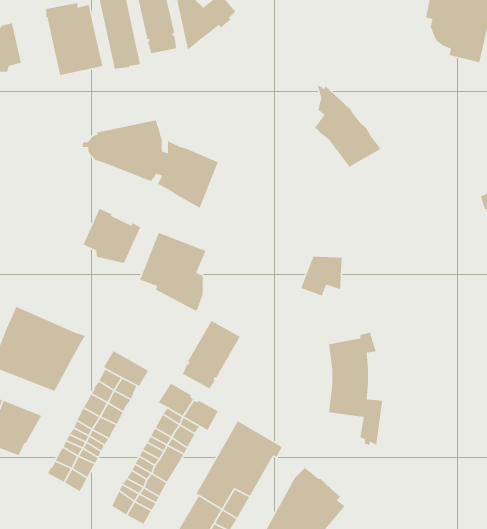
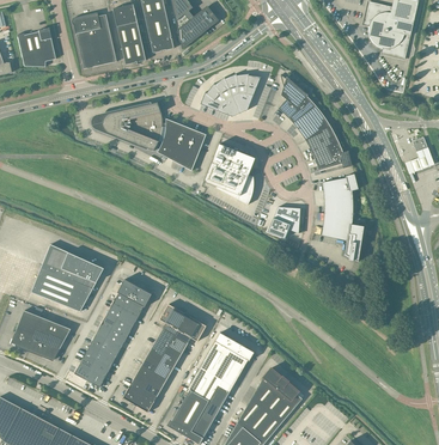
building: none -> [201,73,261,116]
building: none -> [305,124,353,169]
building: [83,208,141,264] -> none
building: [139,232,206,312] -> [205,142,256,203]
building: [182,320,241,390] -> none
building: [328,331,383,446] -> [322,172,364,260]

